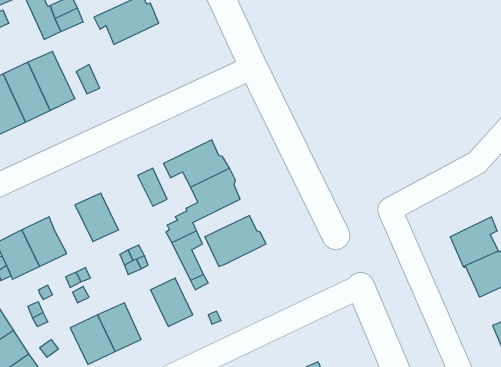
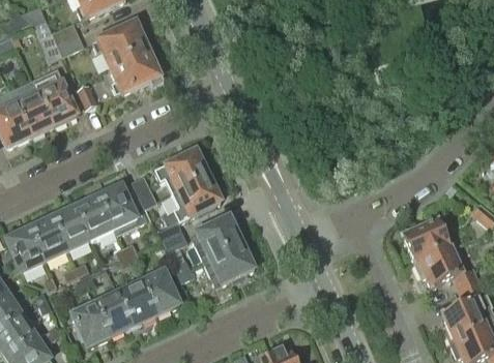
building: none -> [110,47,159,95]
building: none -> [98,185,136,235]
building: none -> [53,206,91,248]
building: none -> [208,240,254,283]
building: none -> [119,280,157,324]

